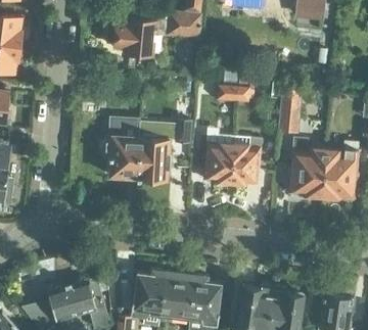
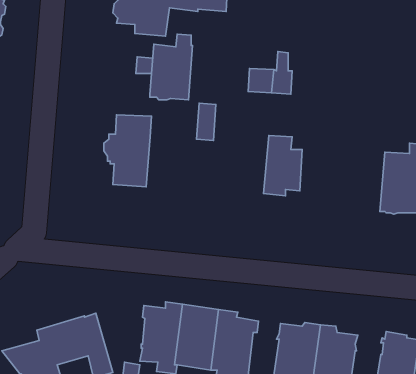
building: [280,76,303,132] -> none
building: [136,130,170,182] -> [150,34,192,100]
building: [204,135,233,183] -> none
building: [289,139,325,197] -> none

